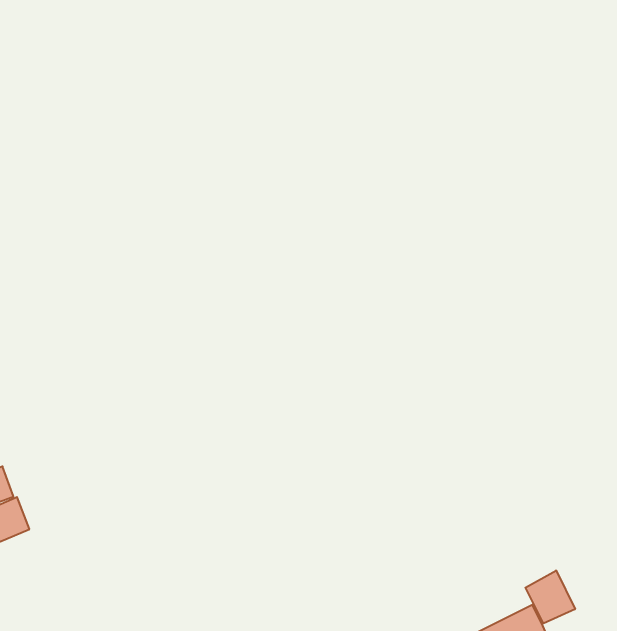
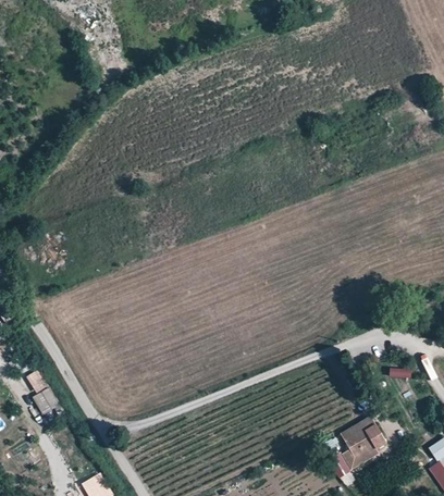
building: [525,570,575,623] -> none

